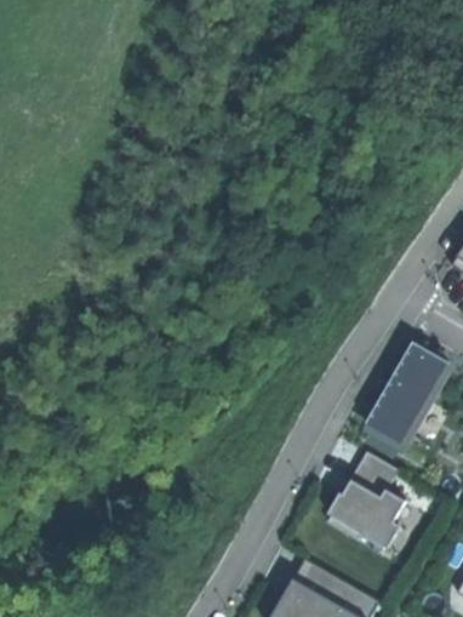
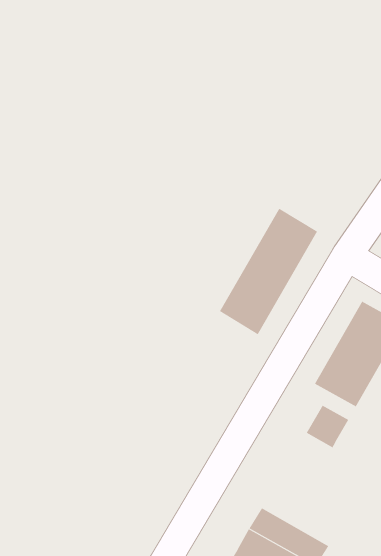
building: none -> [219,208,318,335]
building: [327,481,401,545] -> none

